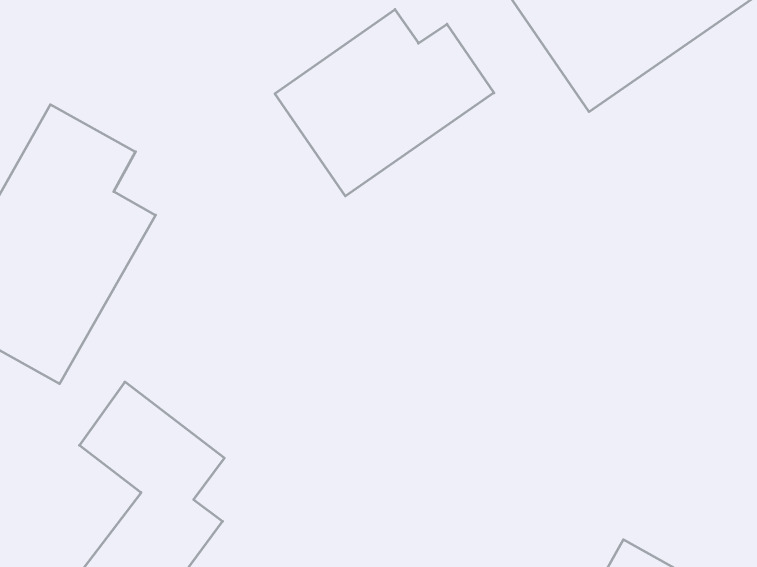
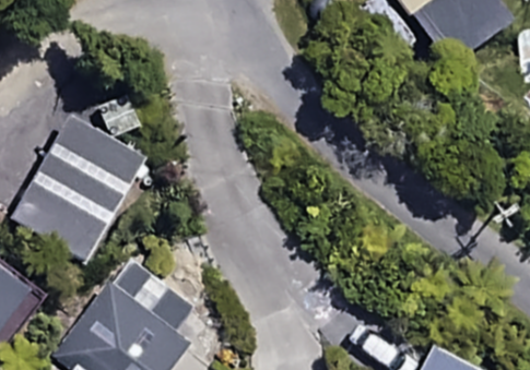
building: [275,9,494,196] -> none

